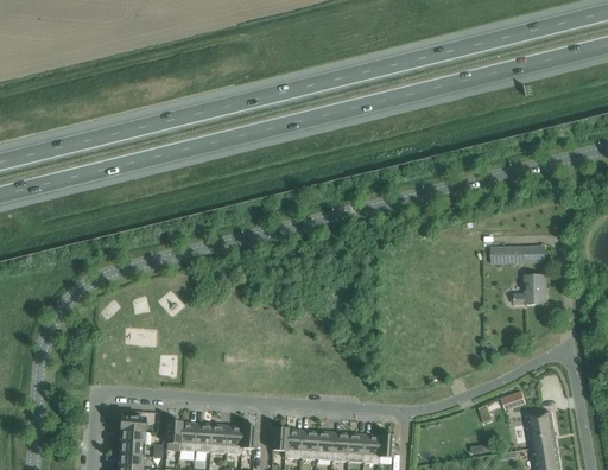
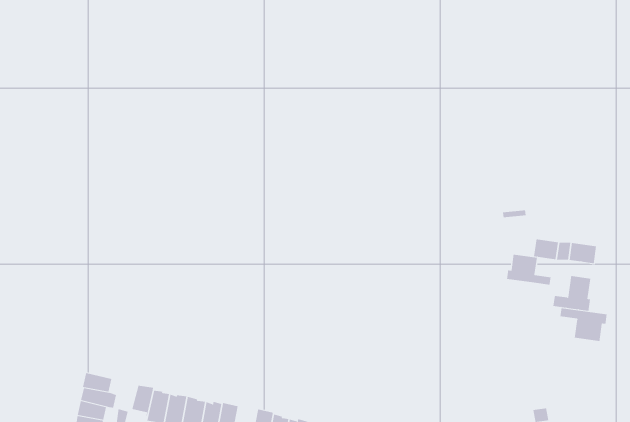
building: none -> [506,254,551,285]
building: none -> [560,307,607,342]

